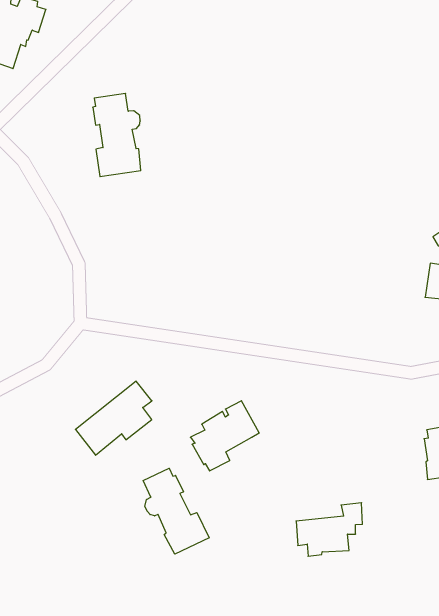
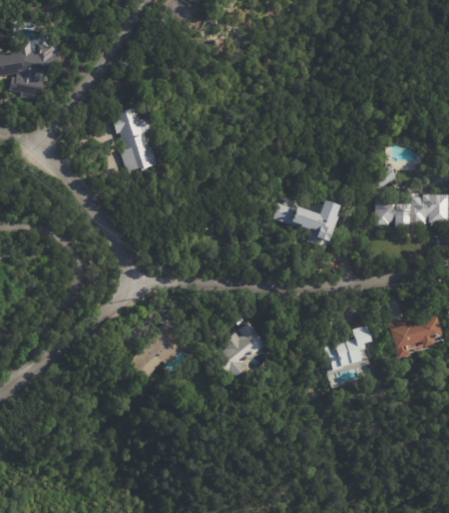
building: none -> [276,200,346,247]
building: [143,468,209,554] -> none
building: [296,503,362,556] -> [324,326,374,372]

